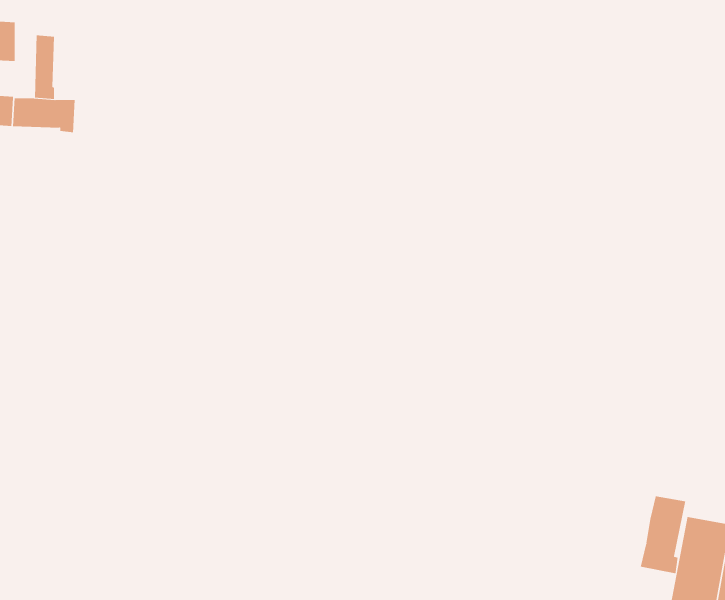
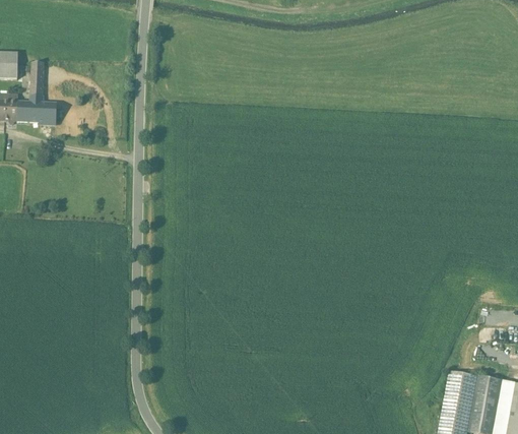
building: [640,495,686,574] -> none

